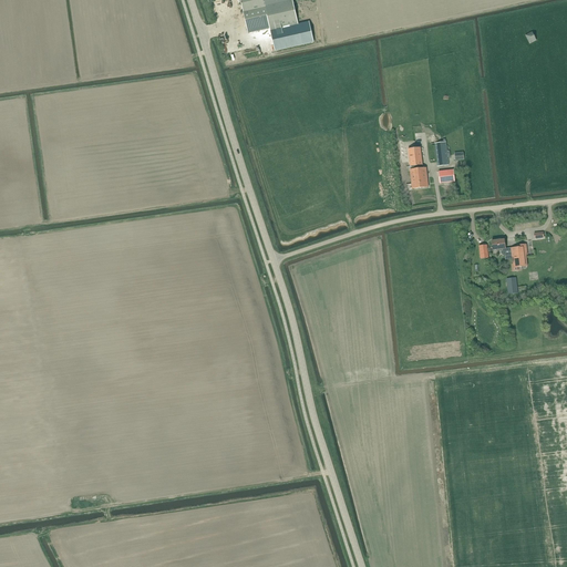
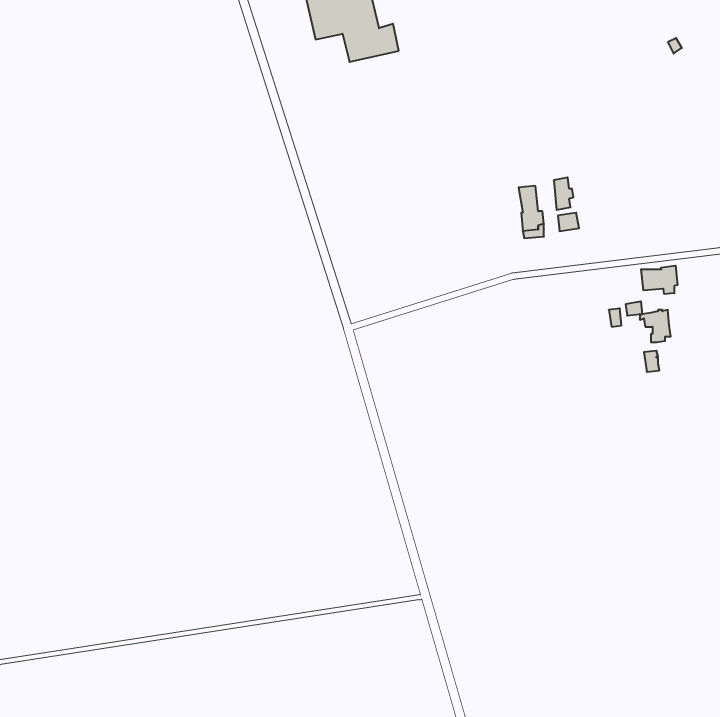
building: none -> [641,266,677,294]

